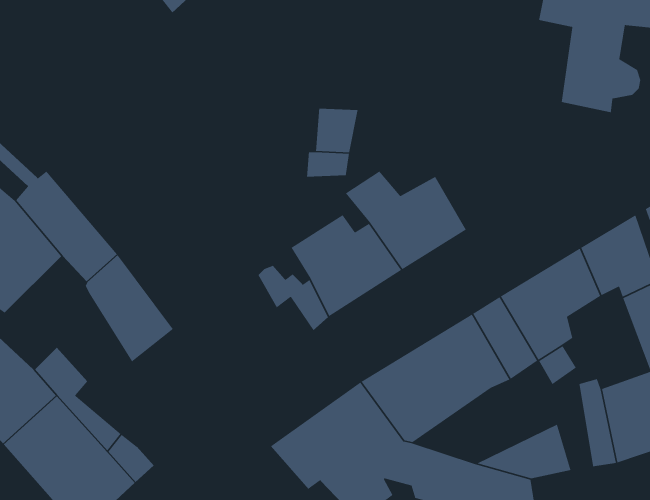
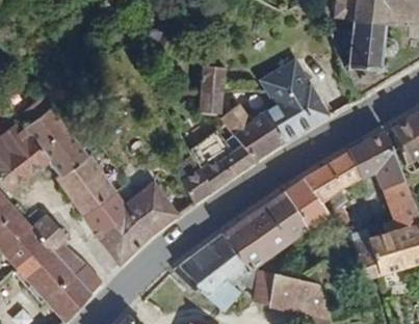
building: none -> [266,56,339,140]
building: none -> [89,179,182,264]

